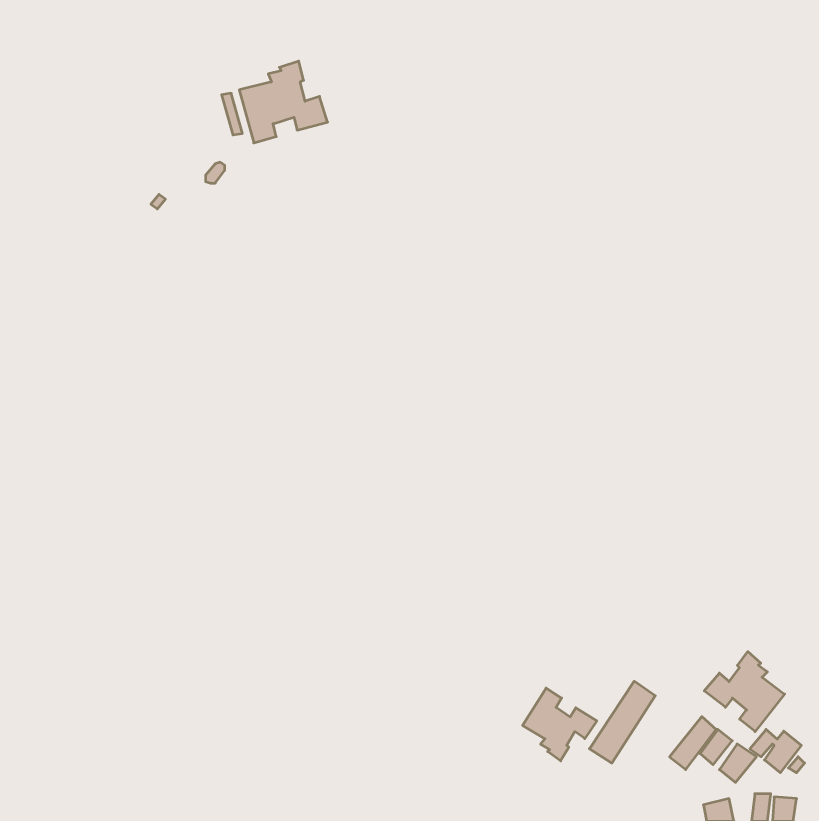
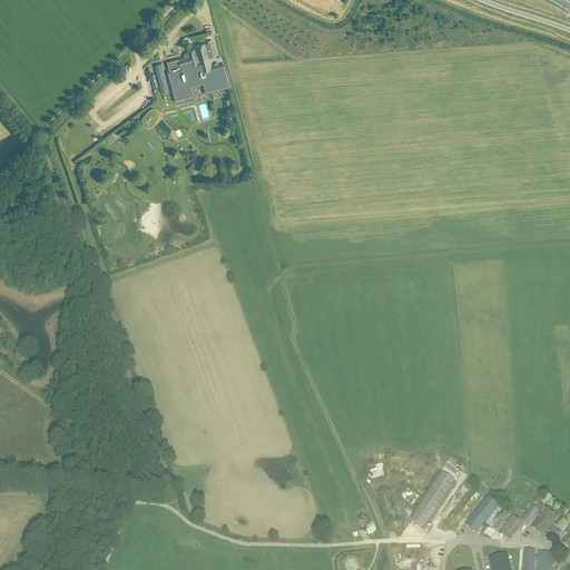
building: [704,652,785,732] -> none
building: [523,688,597,761] -> none

